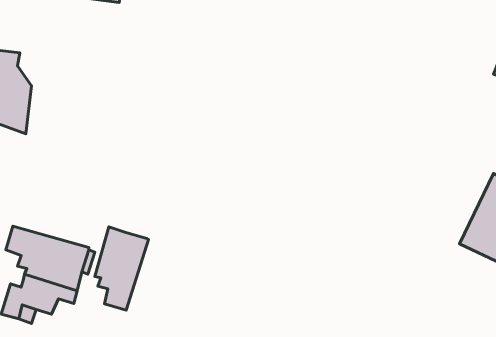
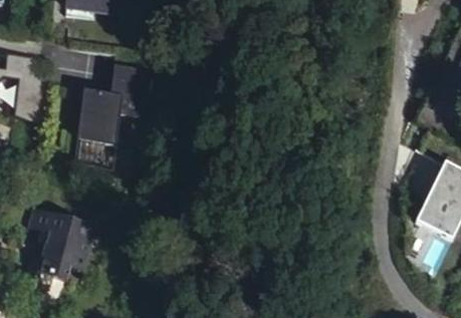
building: none -> [81,65,148,172]
building: [95,227,149,310] -> none

